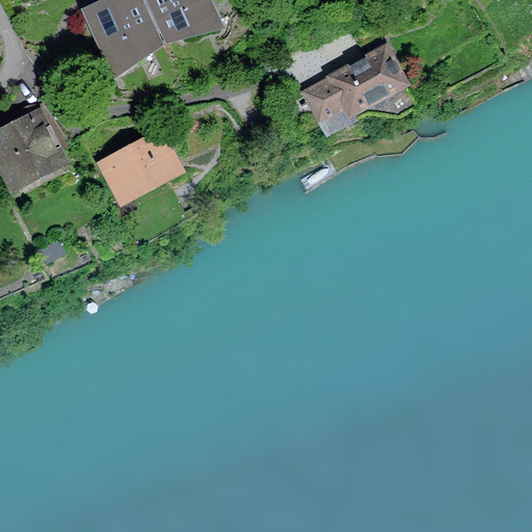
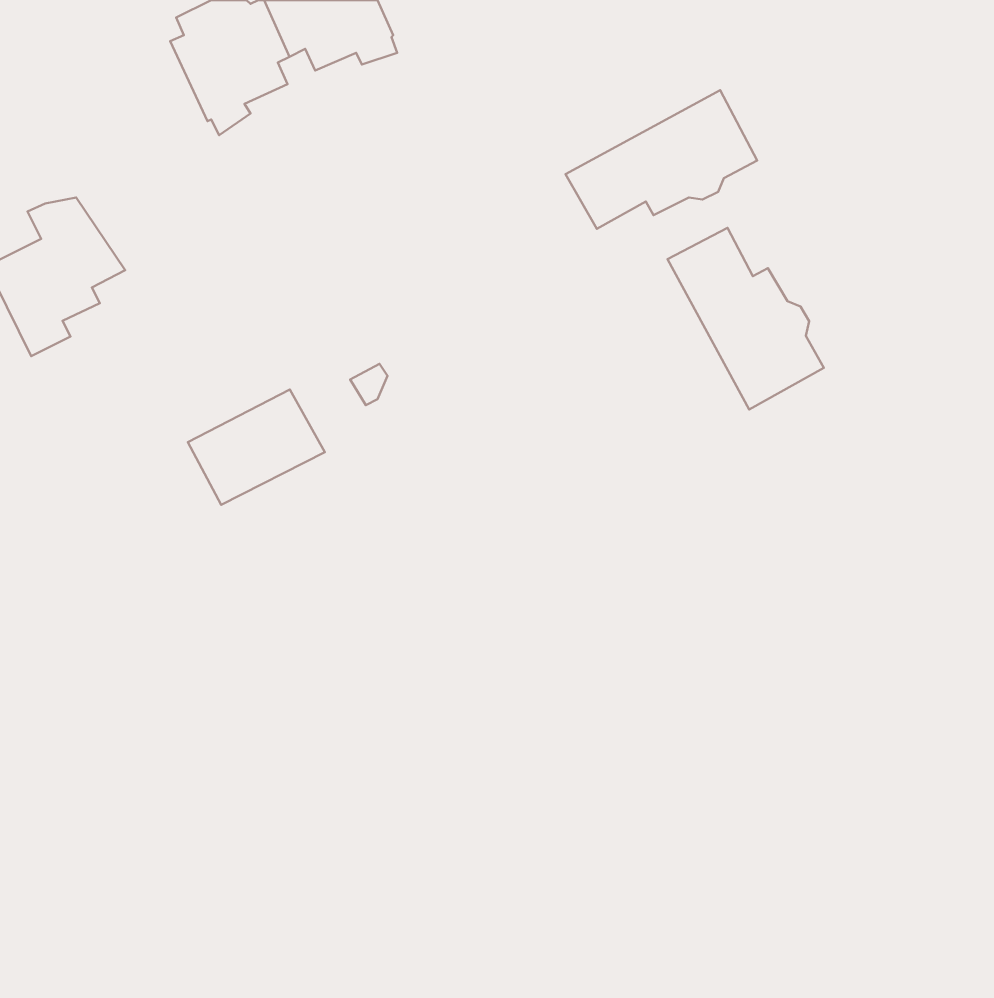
building: none -> [667,228,824,409]
building: [101,138,174,200] -> [188,389,325,505]

